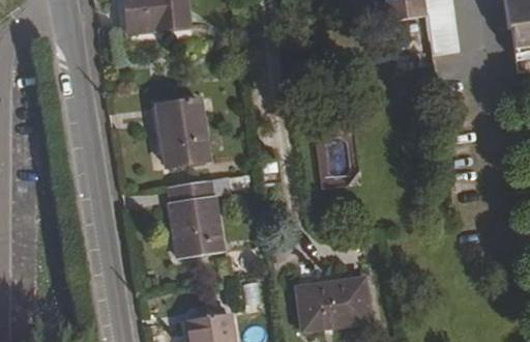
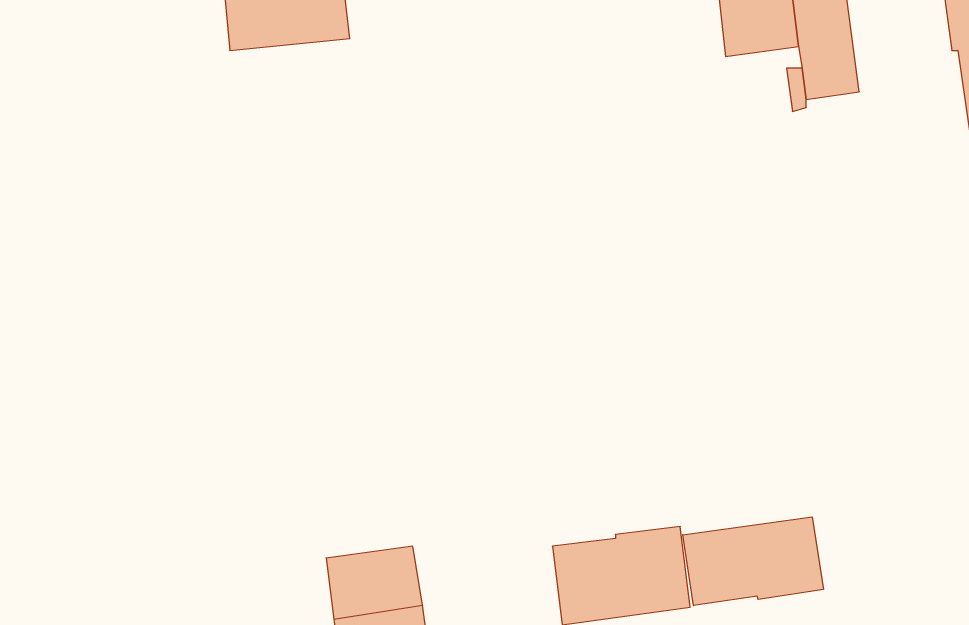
building: [157,99,206,163] -> none
building: [167,178,220,255] -> none
building: none -> [683,517,823,606]

